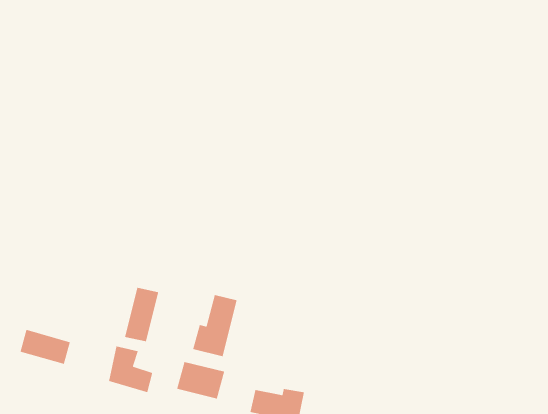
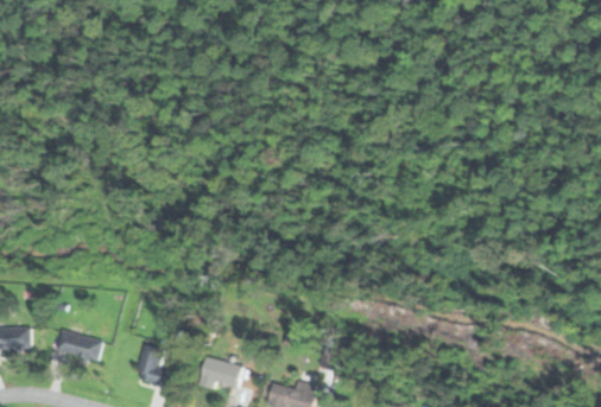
building: [124,287,159,342] -> none
building: [192,294,238,357] -> none

